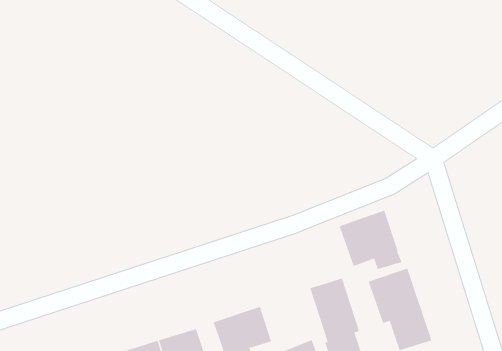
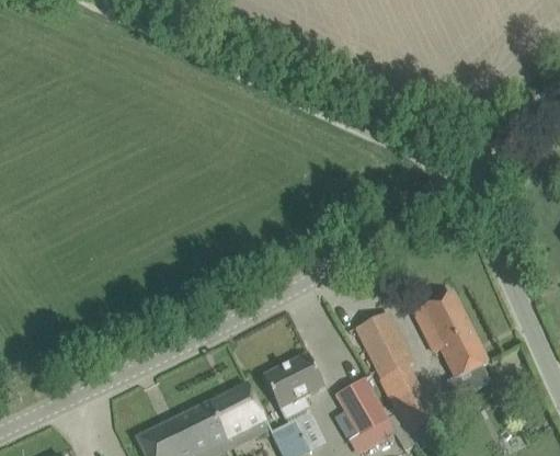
building: [339,210,402,270] -> none

